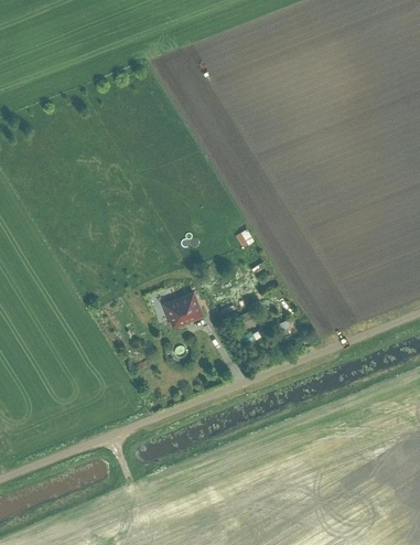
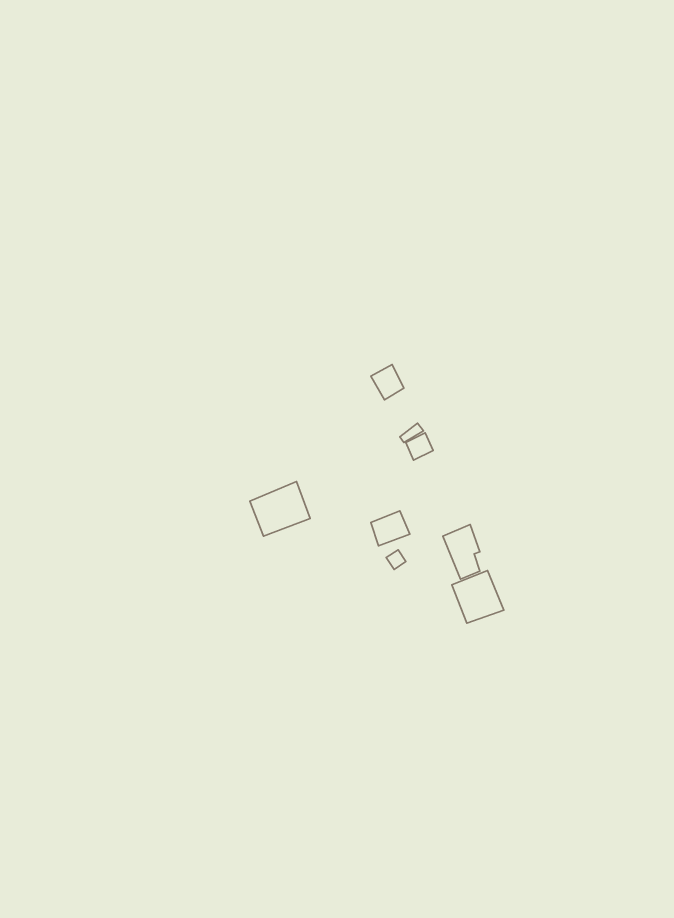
building: none -> [452,570,504,623]

